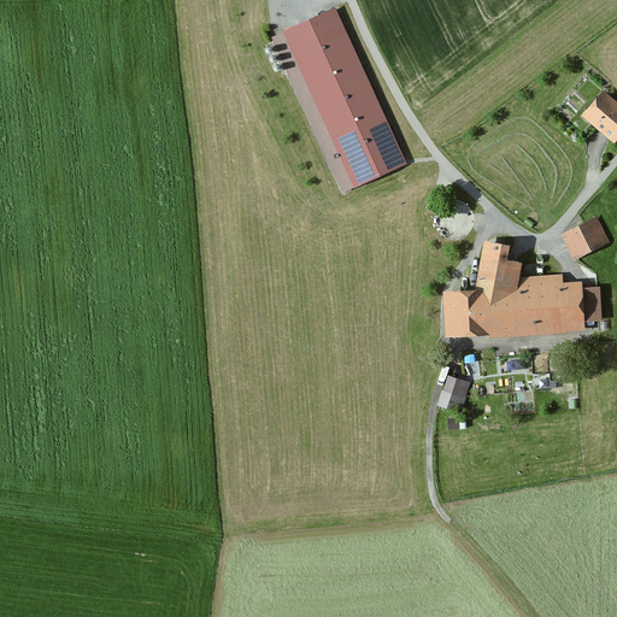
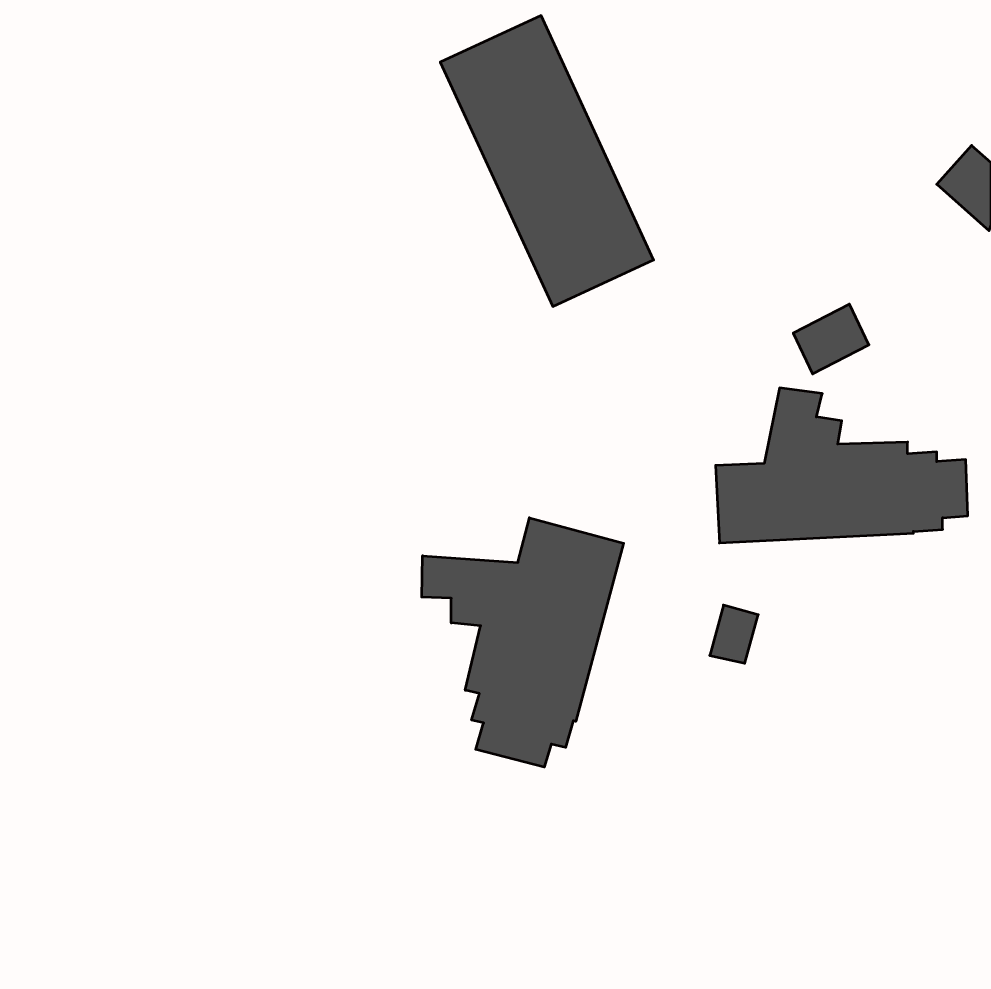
building: [563,217,610,260] -> [793,304,869,374]
building: none -> [422,518,624,767]

